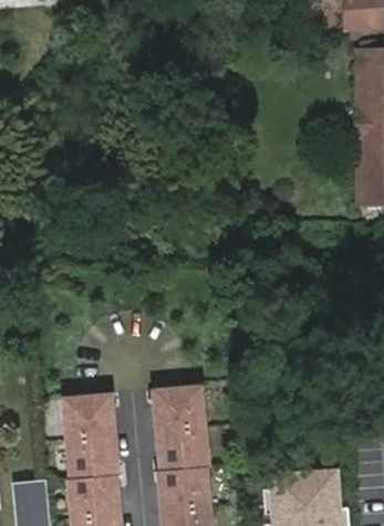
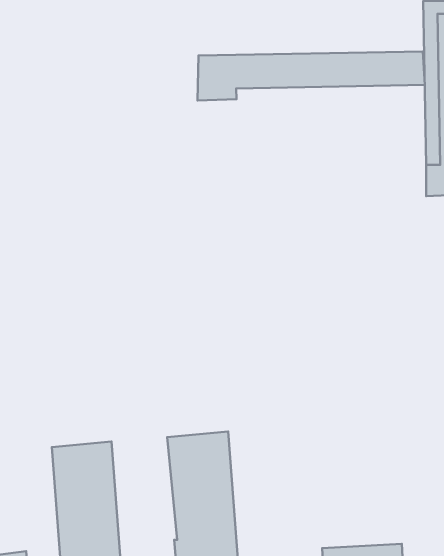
building: none -> [198,51,425,100]

